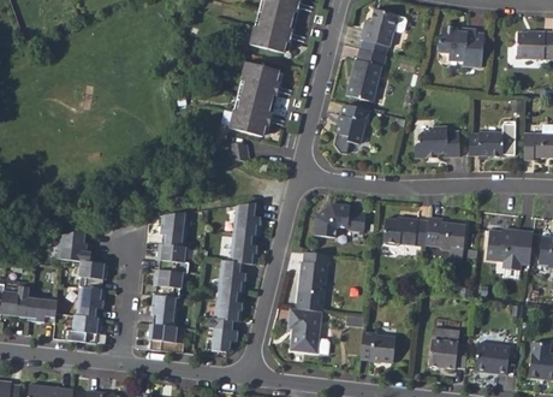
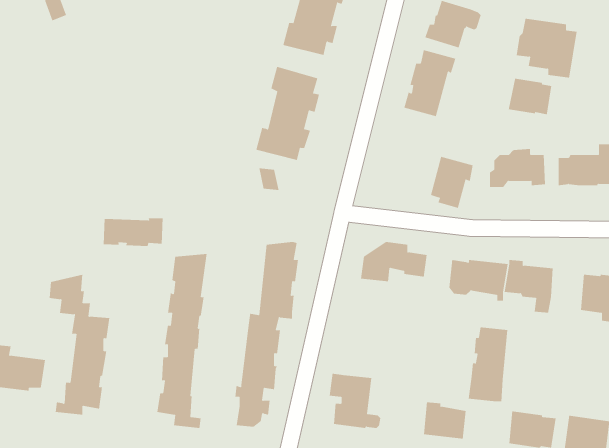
building: none -> [508,78,552,115]
building: [335,103,370,146] -> [430,156,474,208]
building: none -> [103,217,163,247]
building: [297,251,329,312] -> [468,327,508,402]

